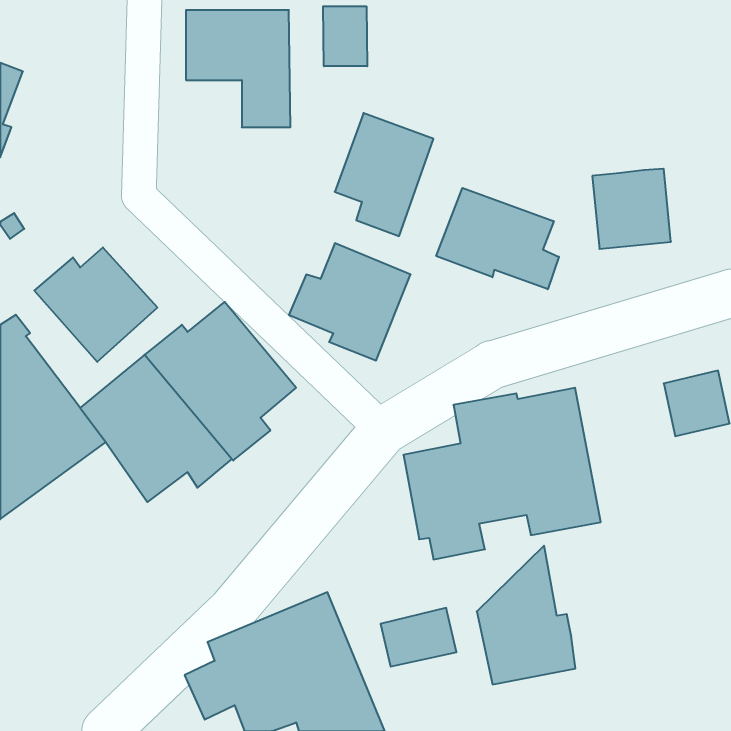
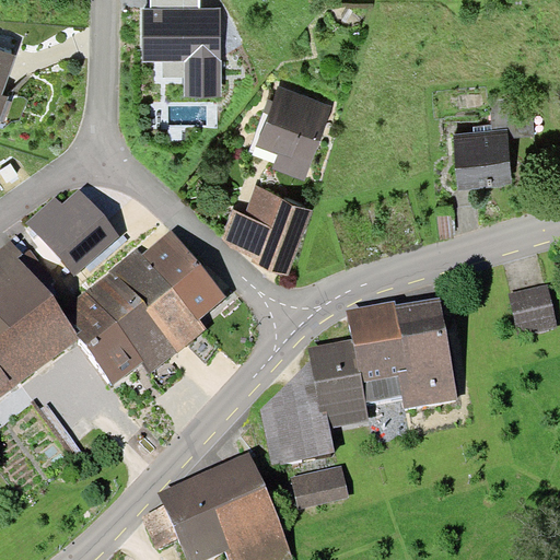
building: [323,6,367,66] -> none
building: [436,188,559,289] -> none
building: [477,546,575,684] -> [259,359,335,465]

